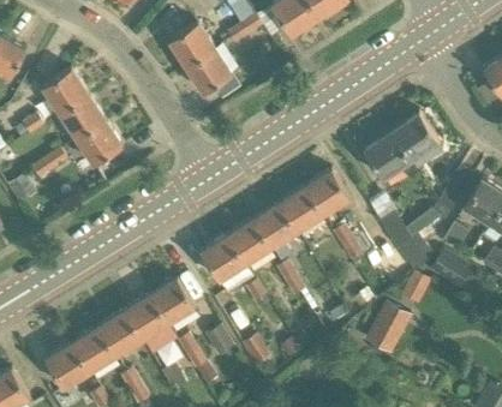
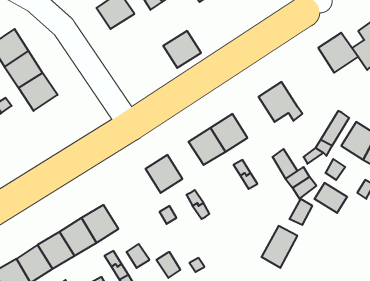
building: [186,50,232,95] -> [163,31,201,68]
building: [392,114,440,162] -> [318,33,358,73]
building: [255,204,298,249] -> none
building: [202,237,246,282] -> none

